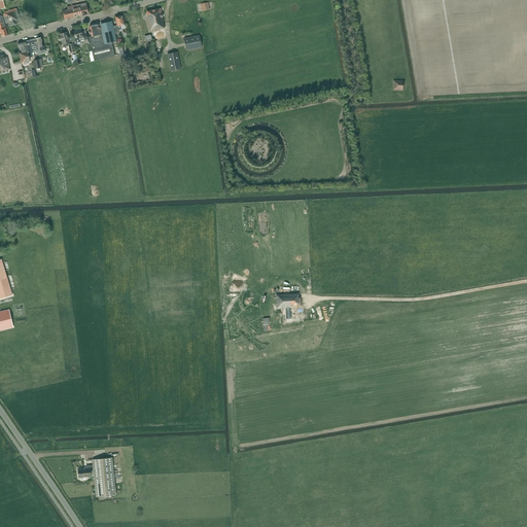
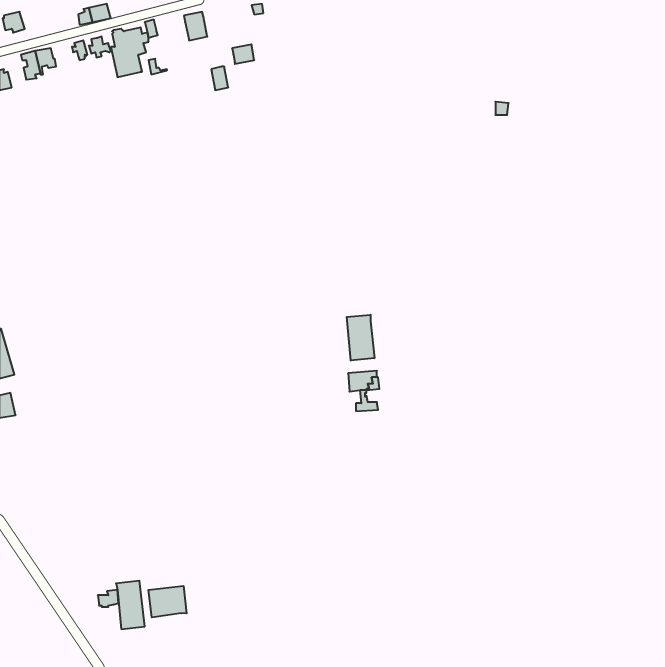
building: none -> [347,315,374,361]
building: none -> [148,586,187,617]

